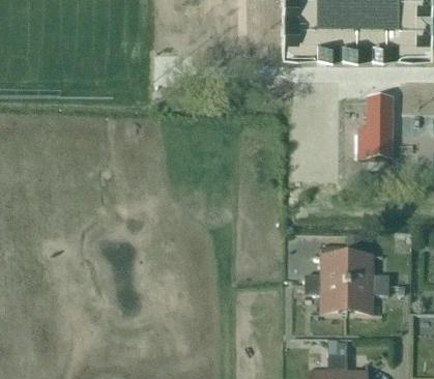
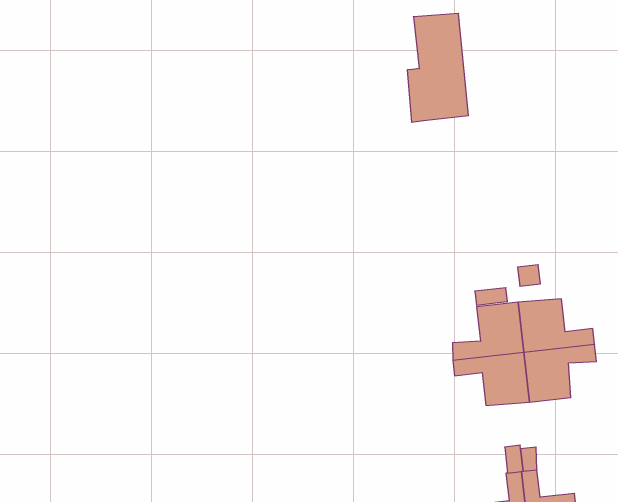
building: [358,93,394,155] -> [407,13,468,122]

